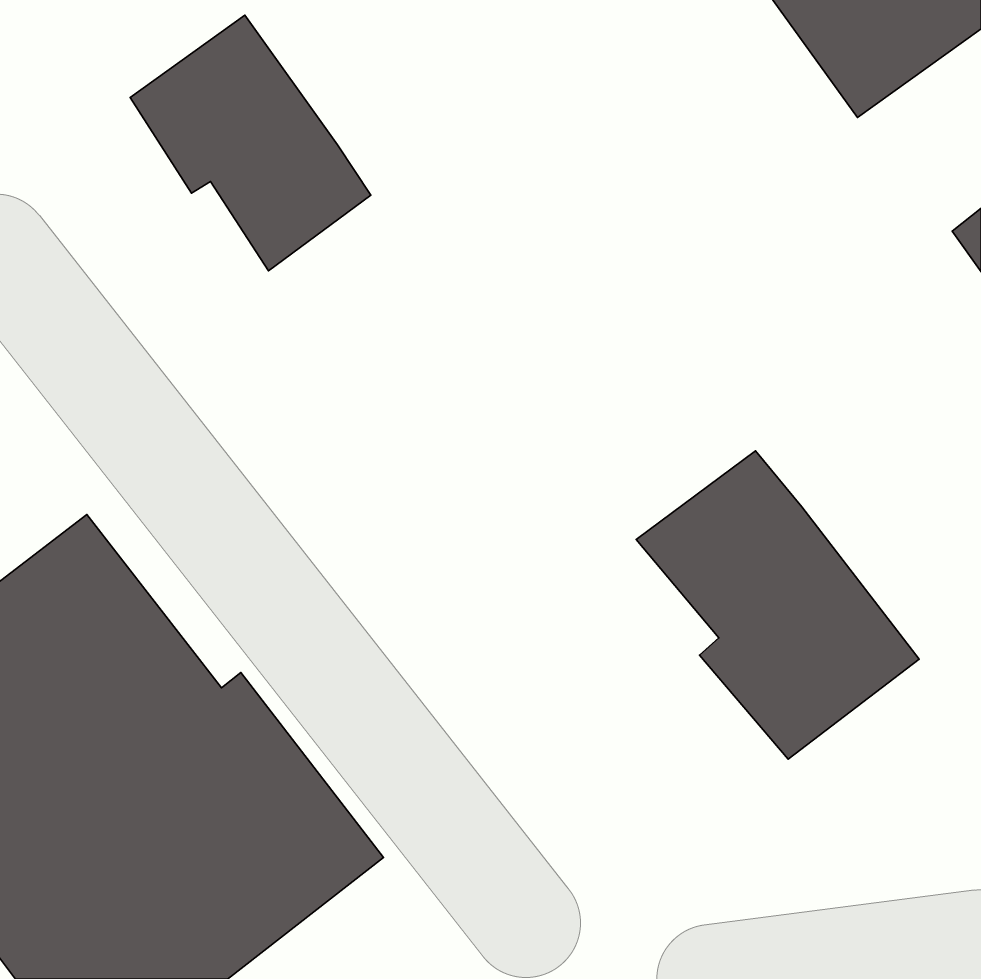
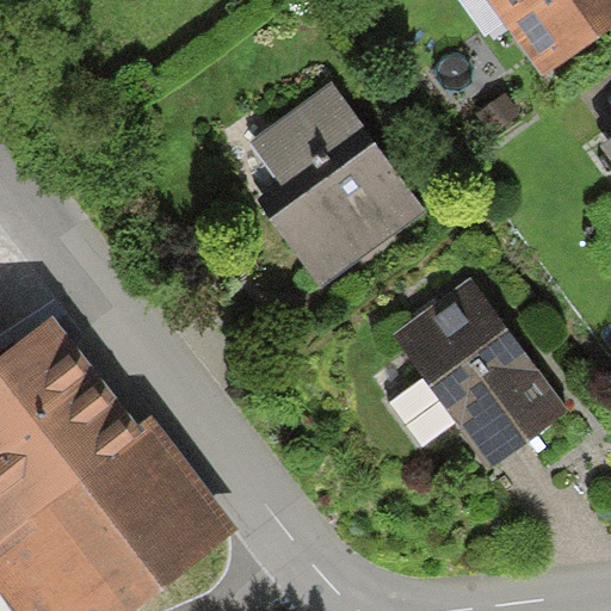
building: [130,15,371,271] -> none
building: none -> [247,81,428,291]

